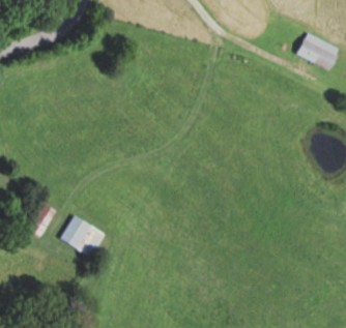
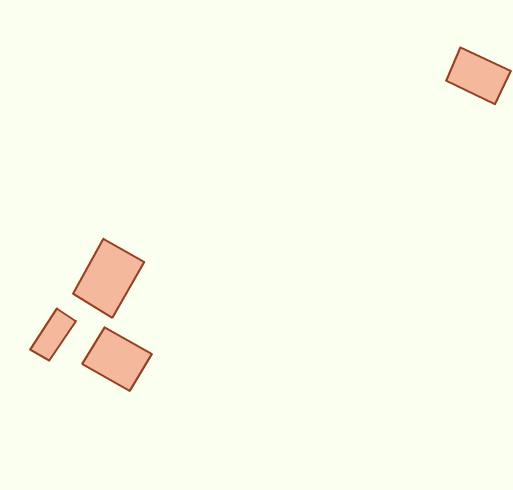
building: none -> [73,239,144,318]

